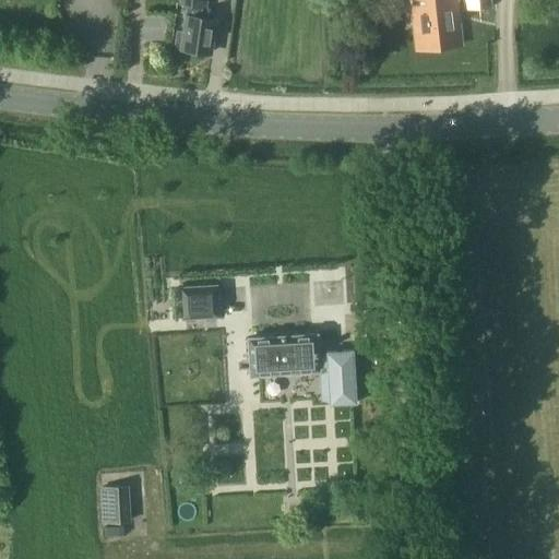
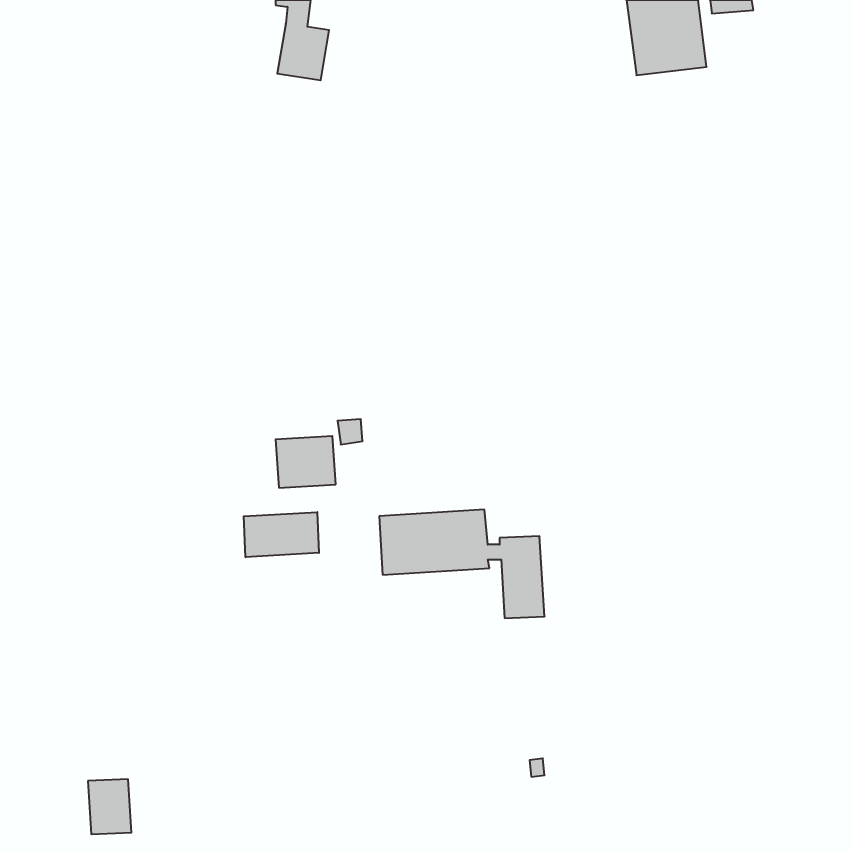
building: none -> [244,512,319,557]
building: [103,487,131,523] -> [88,779,131,834]

